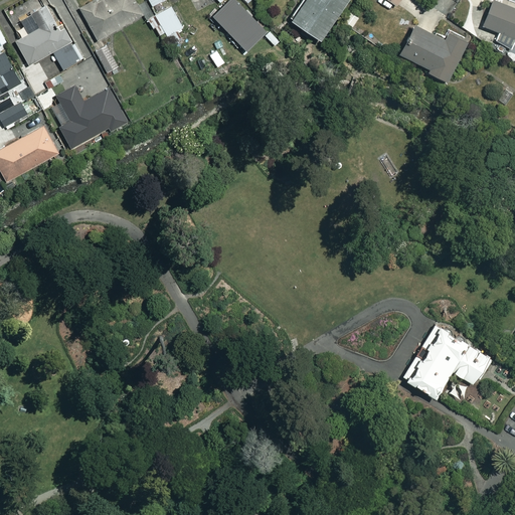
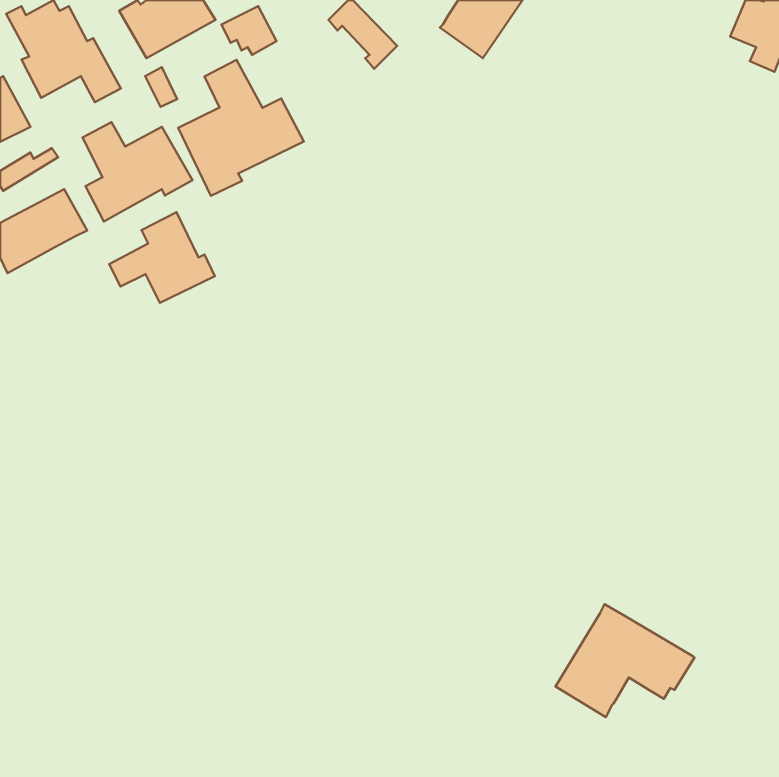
building: [400,26,468,82] -> none
building: none -> [178,60,304,196]
building: none -> [109,212,215,303]
building: [401,321,493,395] -> [555,604,694,717]

